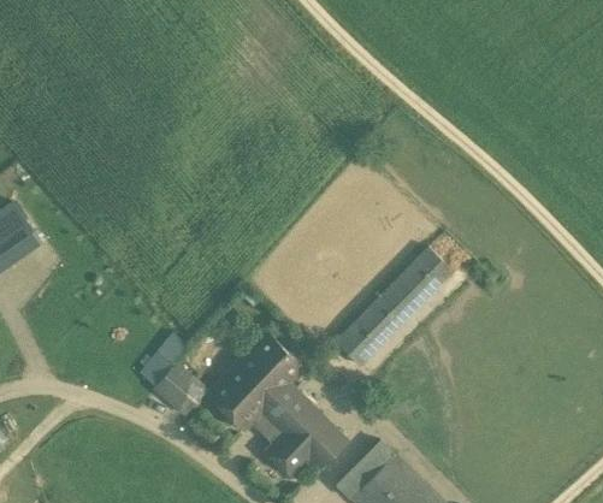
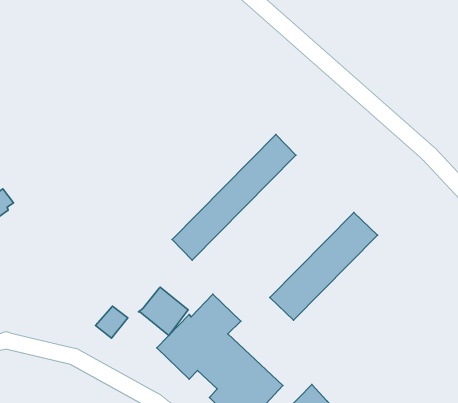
building: none -> [172,134,296,260]
building: [152,362,207,416] -> [139,287,188,336]

